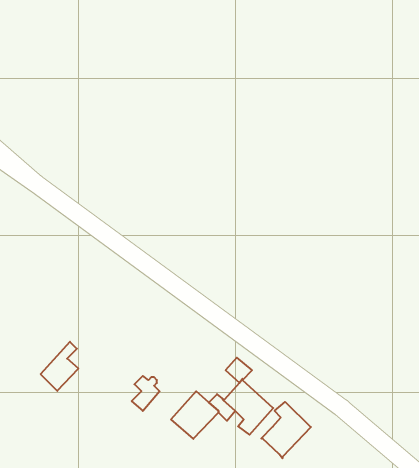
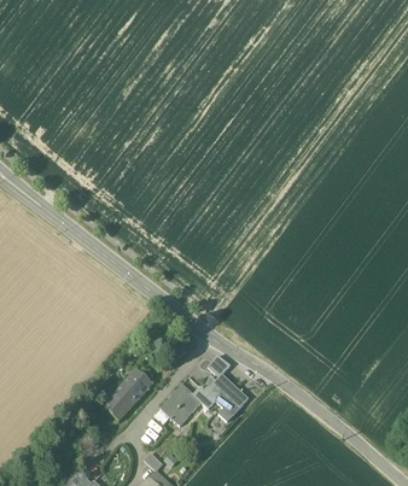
building: [41,342,78,391] -> [103,377,135,420]
building: [261,402,311,458] -> none

